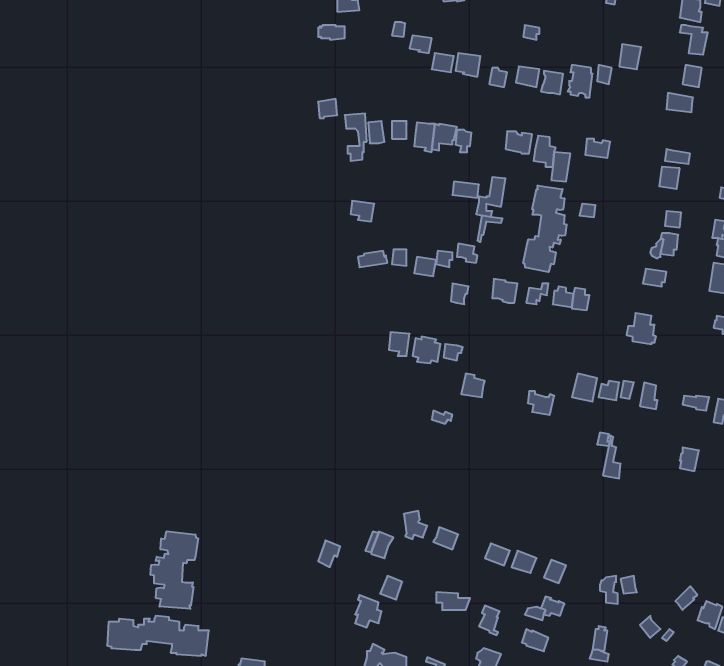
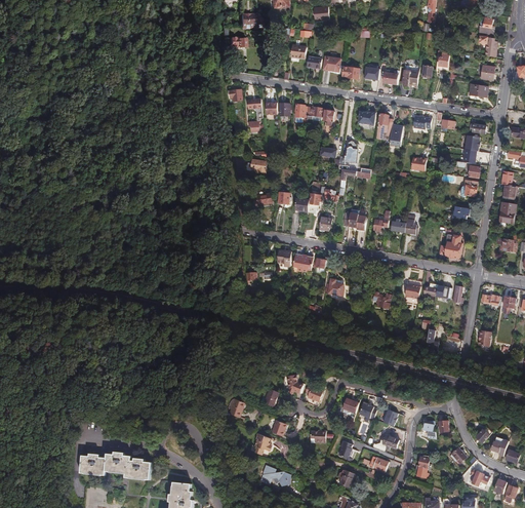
building: [523,185,567,272] -> none
building: [151,531,198,609] -> none

